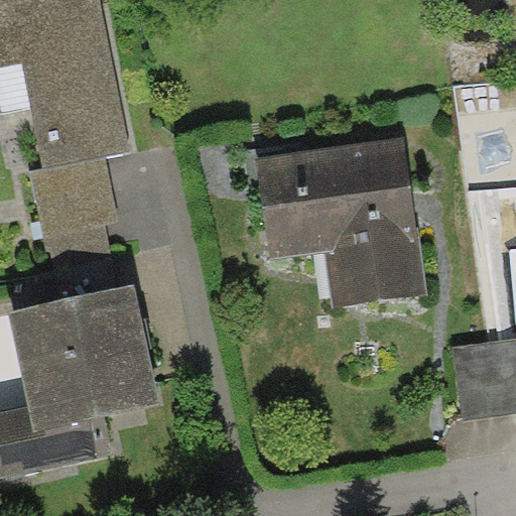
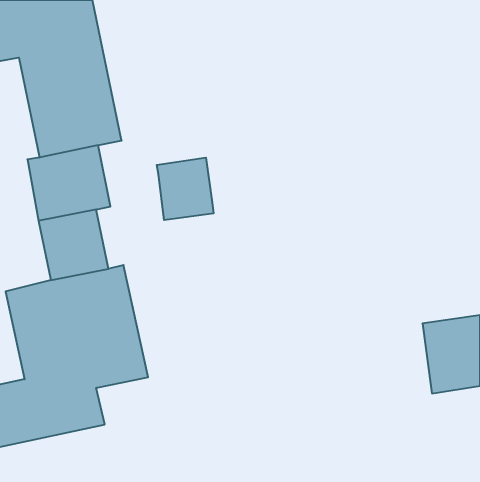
building: [253,137,426,307] -> none
building: none -> [157,158,214,220]

